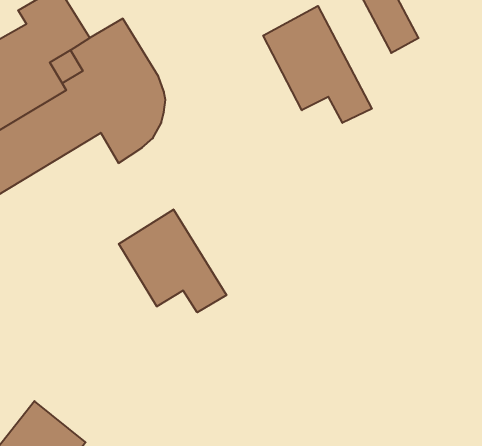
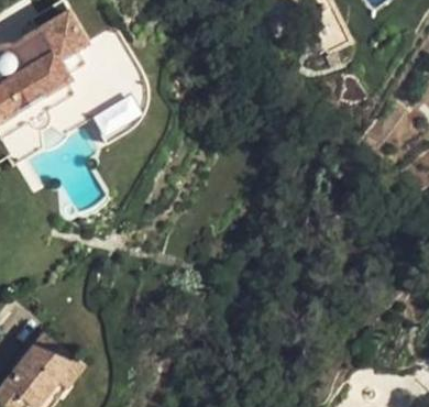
building: [263,6,372,123] -> none
building: [119,209,226,312] -> none

